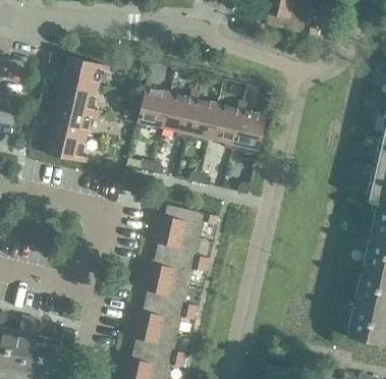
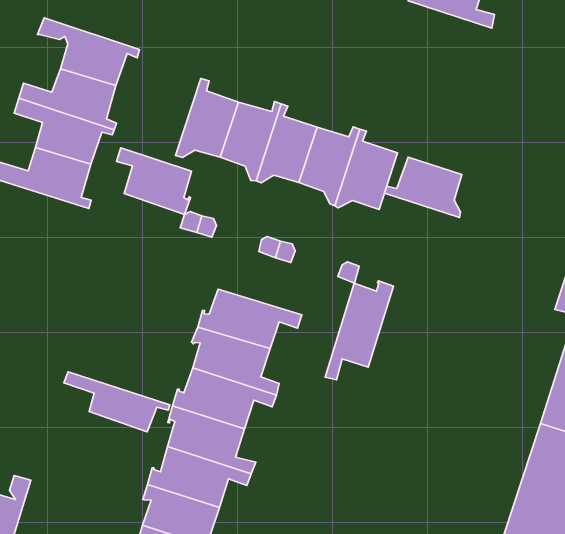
building: none -> [385,157,462,217]
building: none -> [117,148,192,214]
building: none -> [325,281,393,380]
building: none -> [64,372,170,432]

